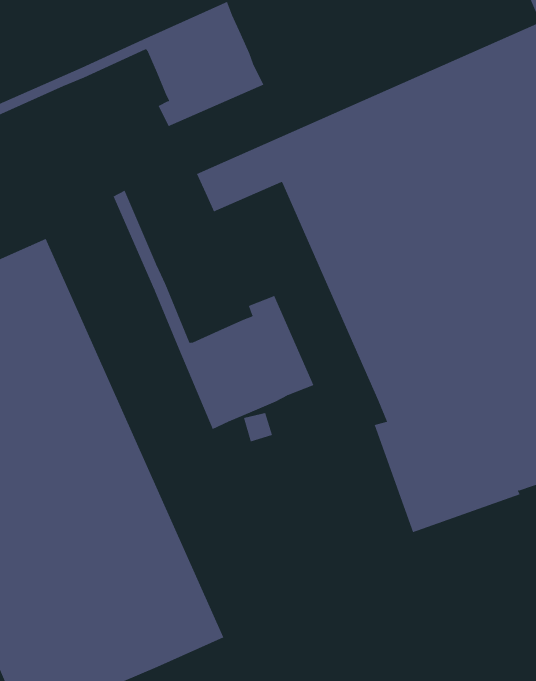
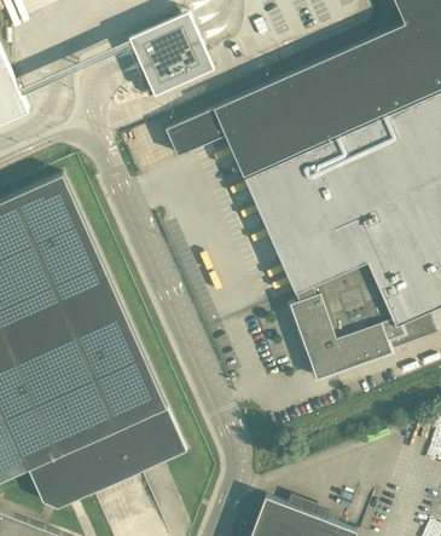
building: [113,190,314,430] -> none

